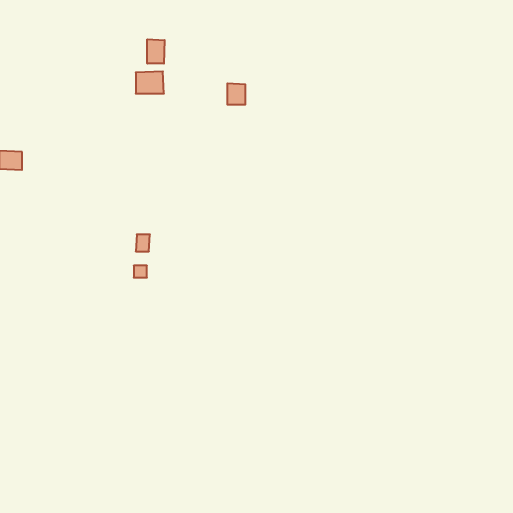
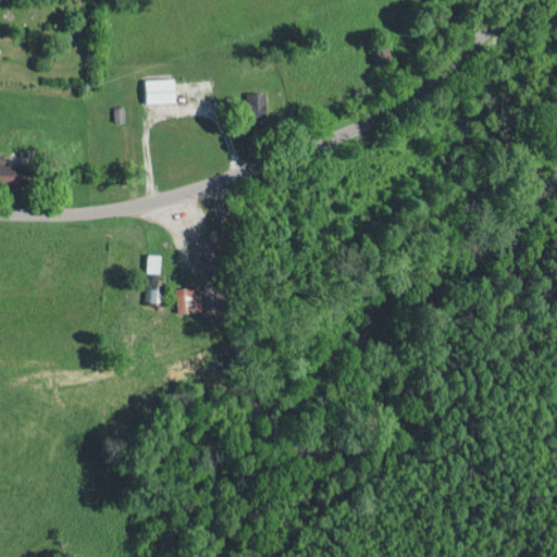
building: [147,39,165,64] -> none
building: none -> [175,287,199,313]

